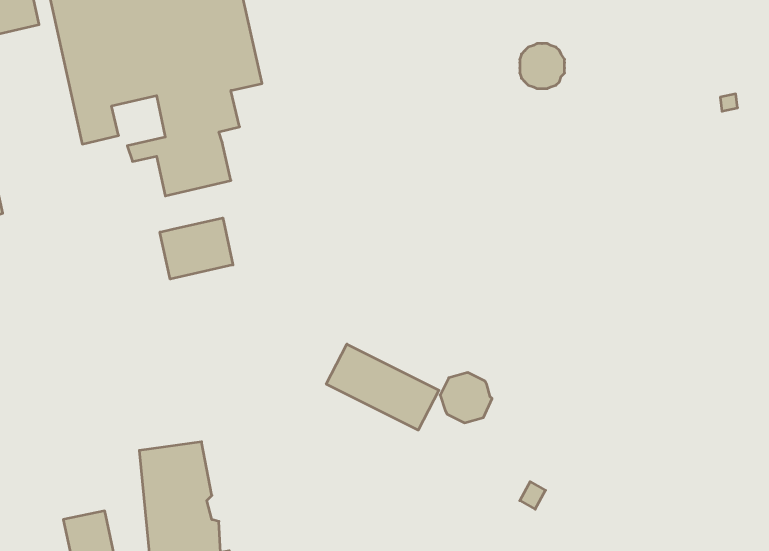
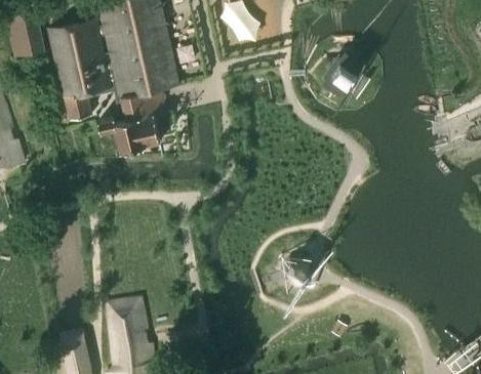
building: [160,218,233,279] -> none
building: [326,344,439,430] -> none

